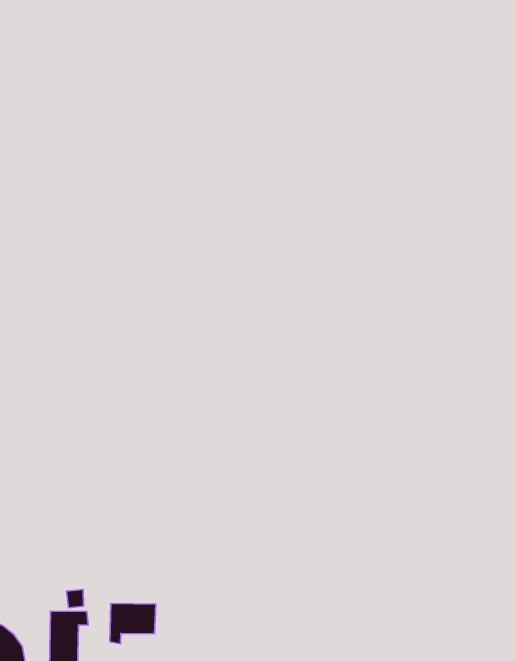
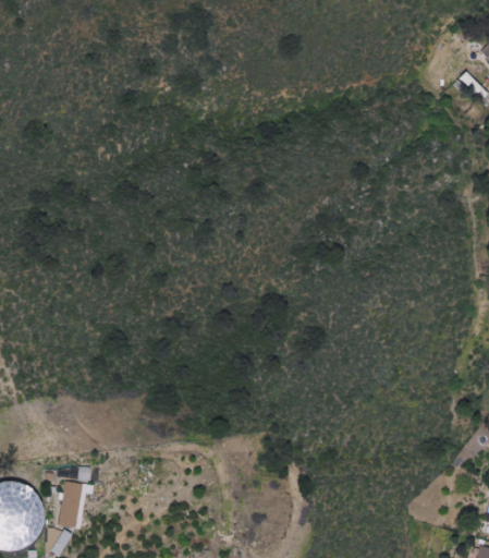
building: [110,603,156,644] -> none

